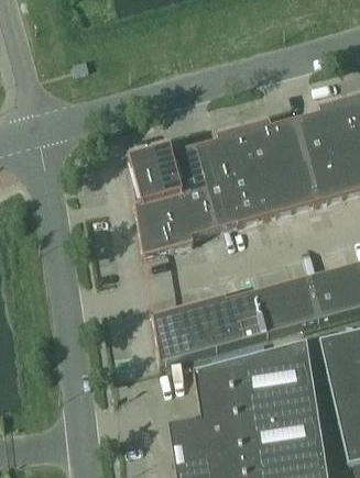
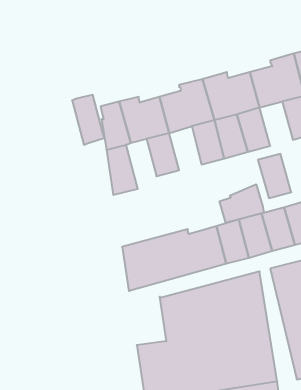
building: [307,151,345,200] -> [258,154,291,198]
building: [206,178,242,227] -> none
building: [157,192,194,248] -> [72,95,104,145]
building: none -> [220,184,264,223]

